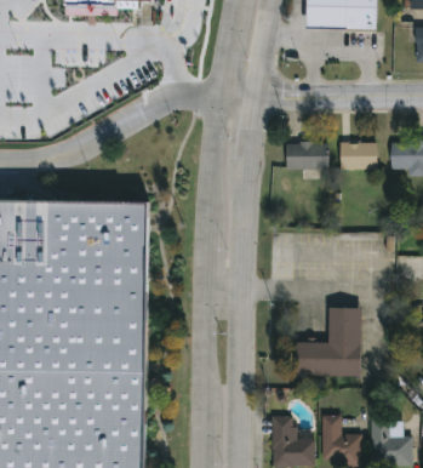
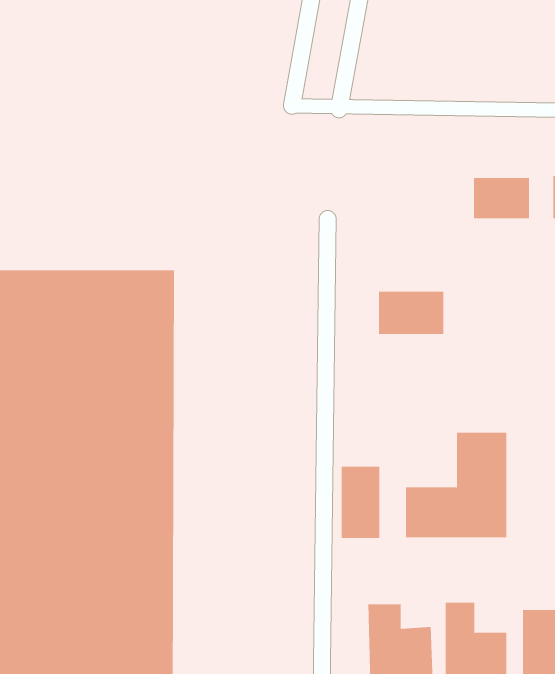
building: [285,143,327,171] -> [378,291,444,335]
building: none -> [341,466,380,539]

